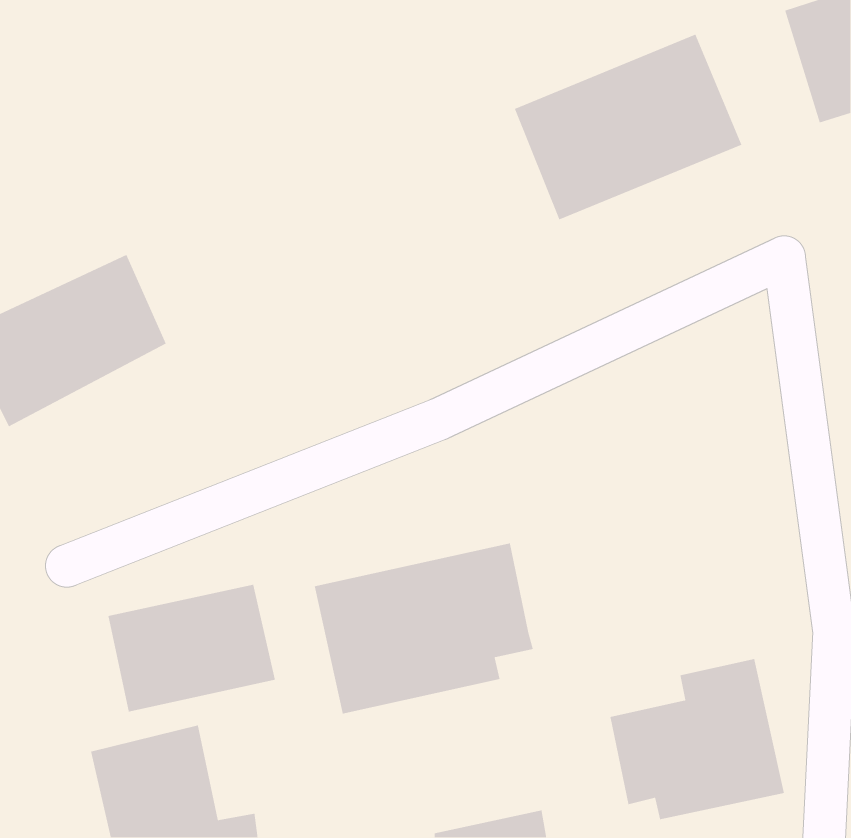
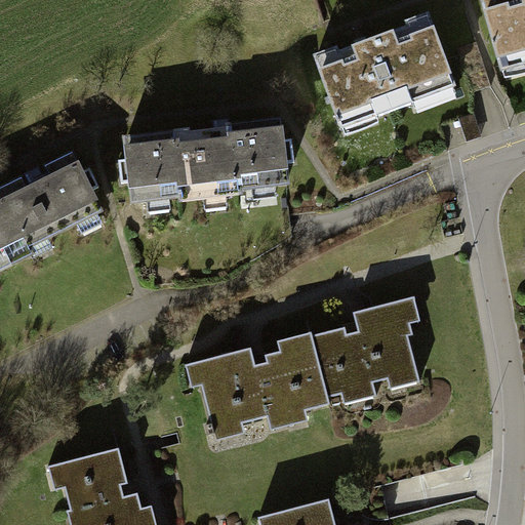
building: none -> [123,119,285,206]
building: [107,584,276,713] -> none
building: [610,658,785,820] -> [314,297,421,397]

